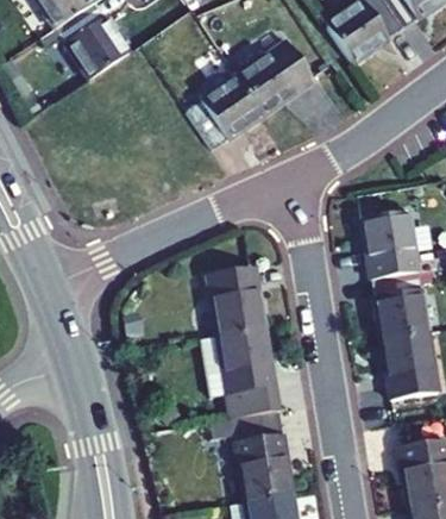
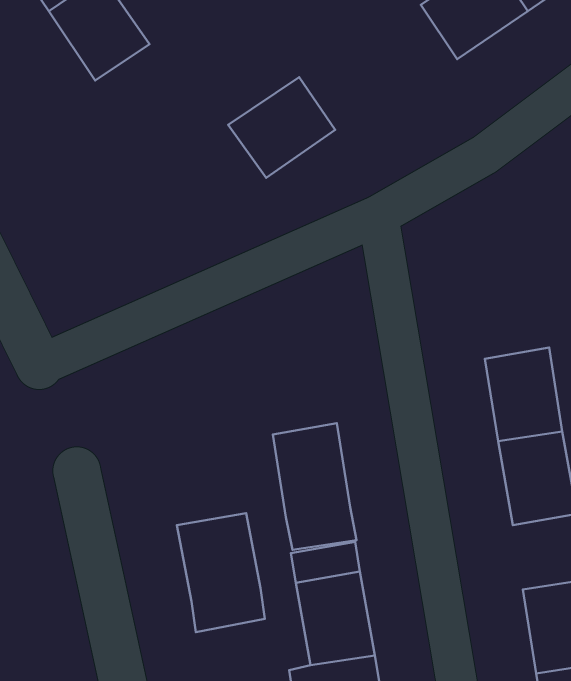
building: [238,40,314,113] -> none
building: [363,211,419,279] -> none
building: [208,265,265,333] -> none
building: none -> [177,513,265,632]

